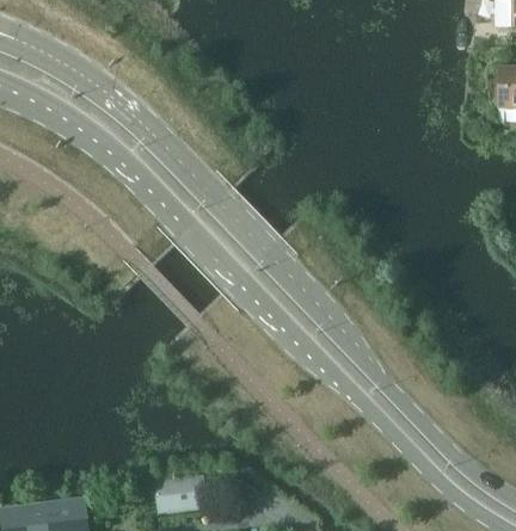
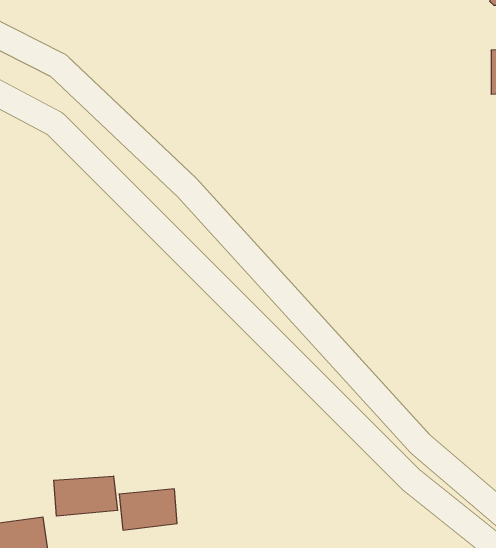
building: none -> [54,476,118,516]

